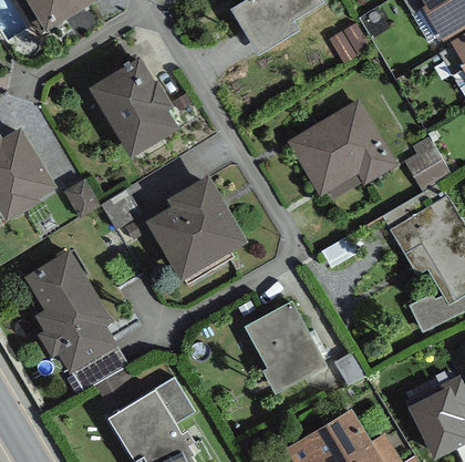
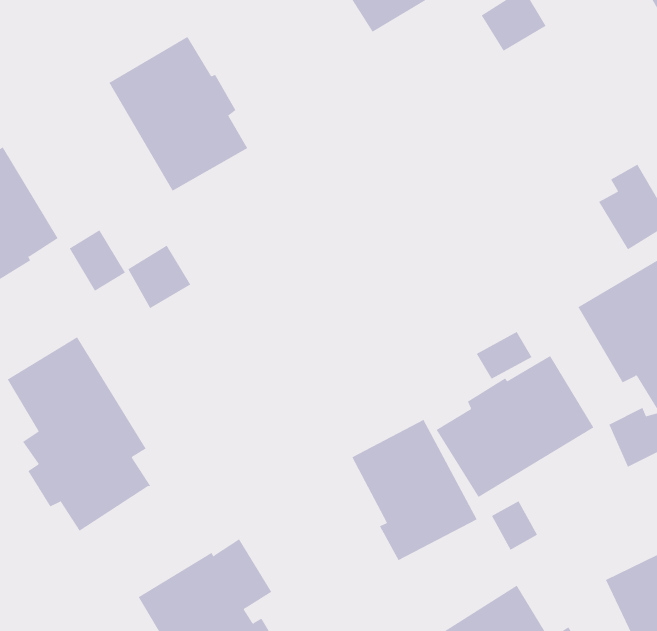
building: [287,99,400,202] -> none
building: [146,173,247,278] -> none
building: none -> [436,355,594,498]
building: [70,345,127,393] -> none

